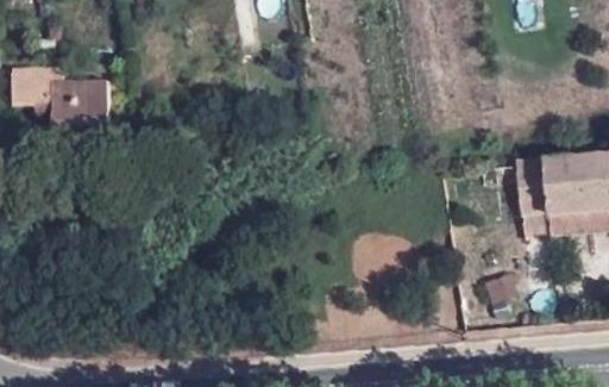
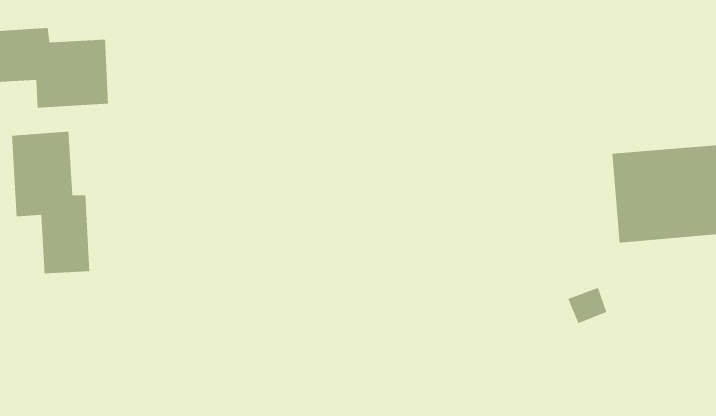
building: none -> [12,131,90,274]

